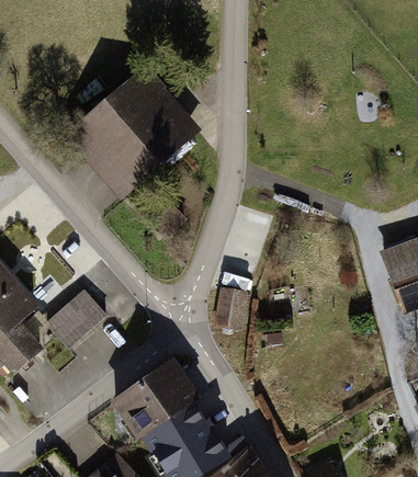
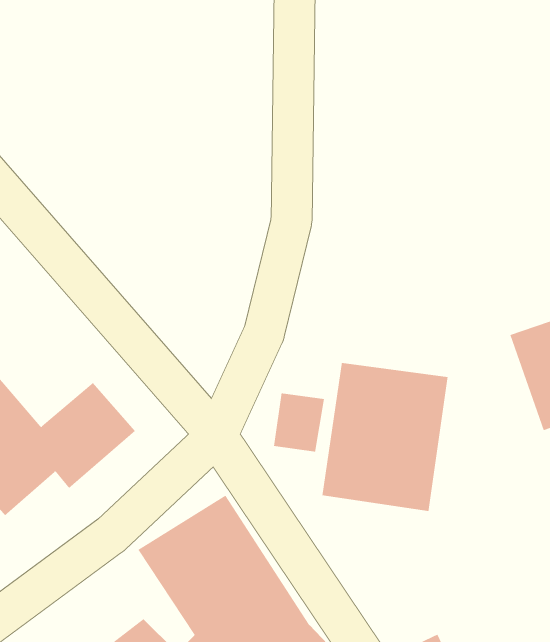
building: [65,68,200,201] -> none
building: none -> [322,362,448,512]

